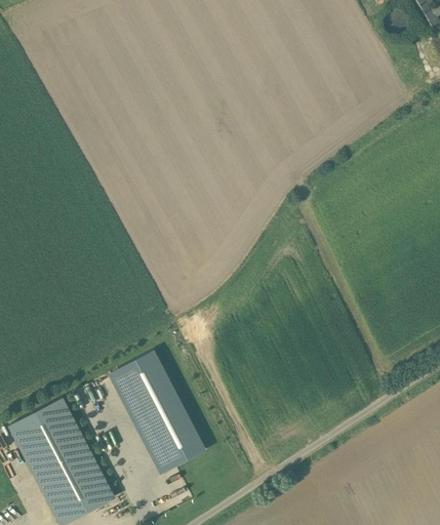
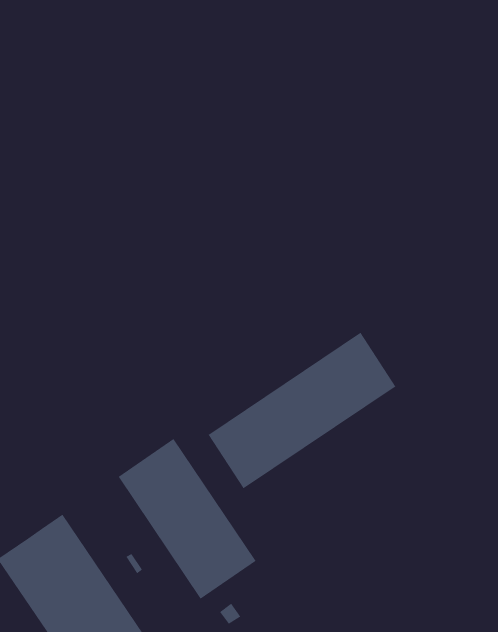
building: none -> [208,332,396,489]

